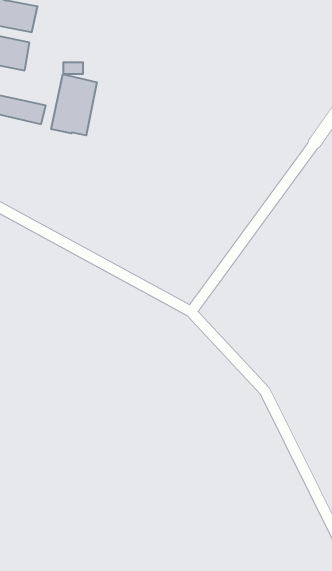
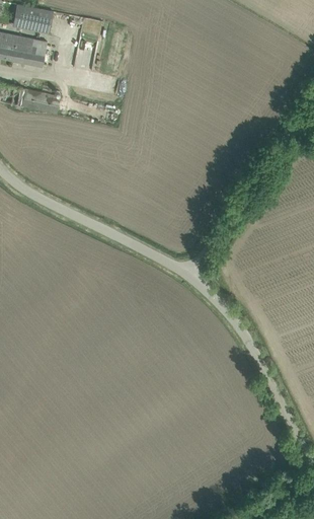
building: [51,74,97,135] -> none

